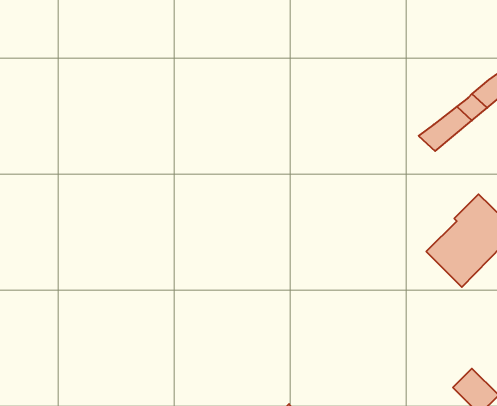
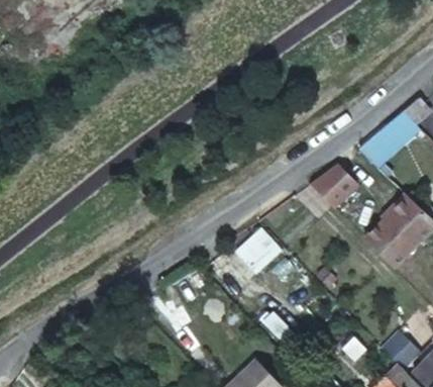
building: none -> [316,161,364,209]
building: none -> [237,224,283,270]

